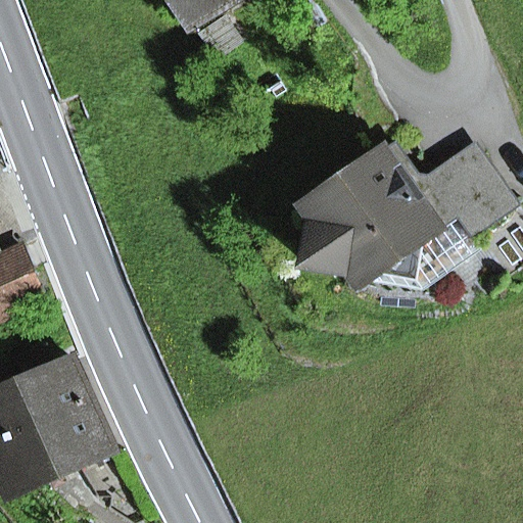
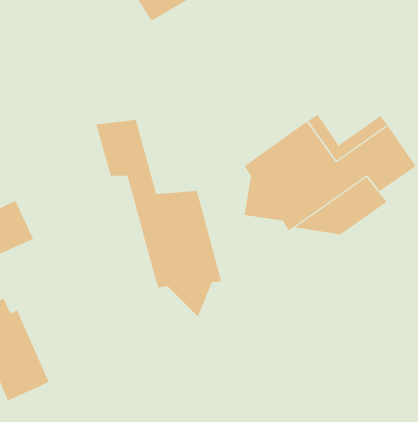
building: none -> [96,119,222,317]
building: [21,350,111,472] -> none

